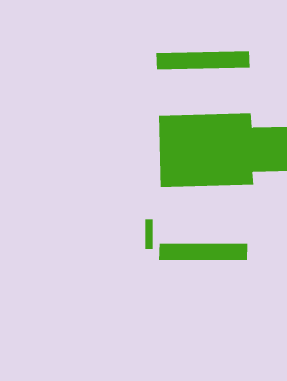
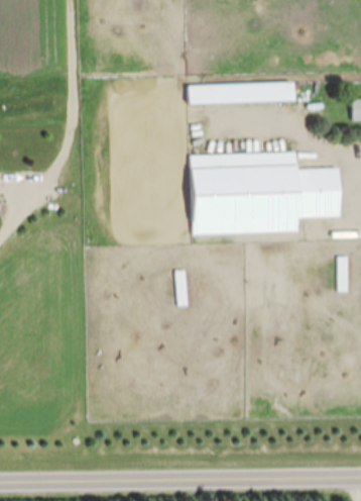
building: [159,243,248,261] -> none

